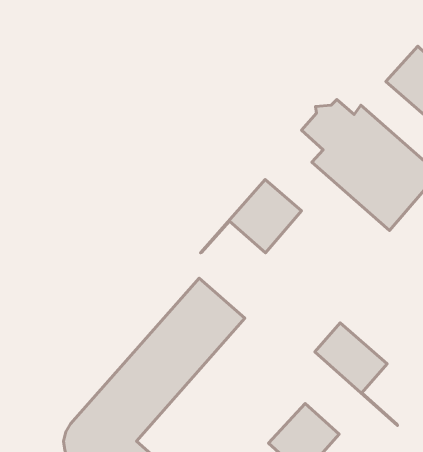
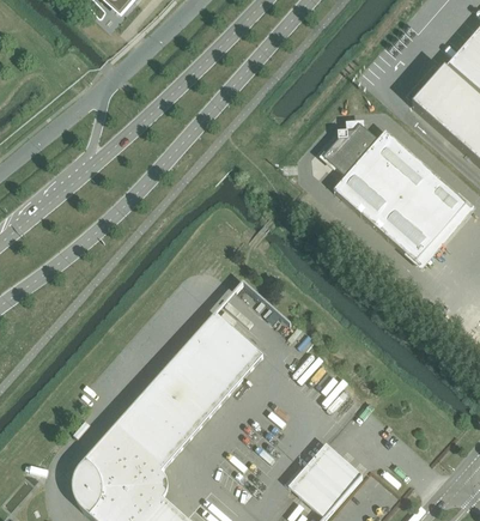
building: [200,179,302,253] -> none
building: [315,323,397,425] -> none

